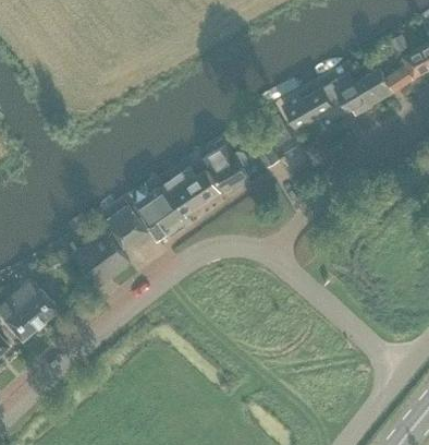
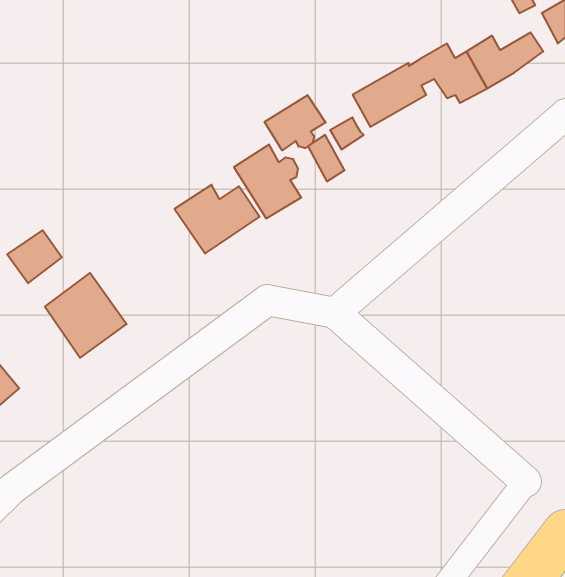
building: none -> [265,95,326,150]
building: [138,187,183,239] -> none
building: [110,214,147,250] -> [7,230,62,283]

